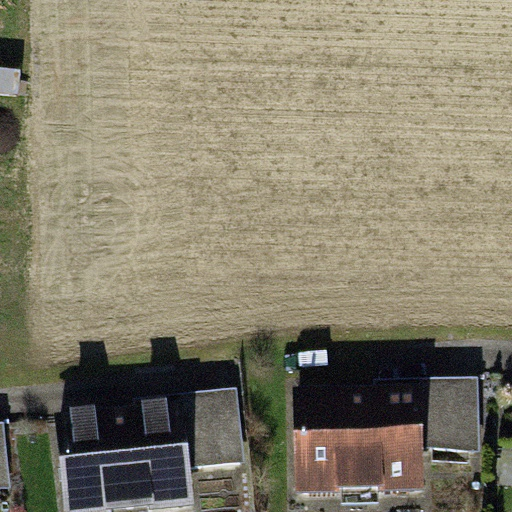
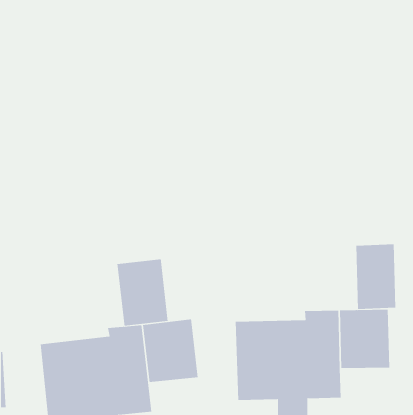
building: none -> [356,243,396,310]
building: none -> [117,259,168,326]

